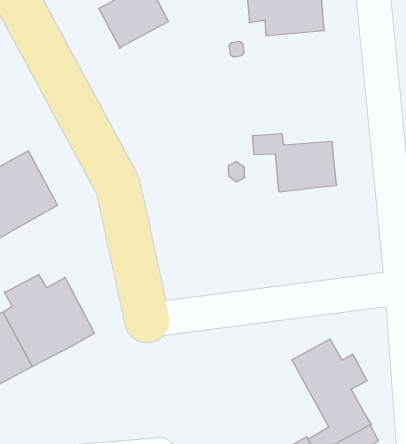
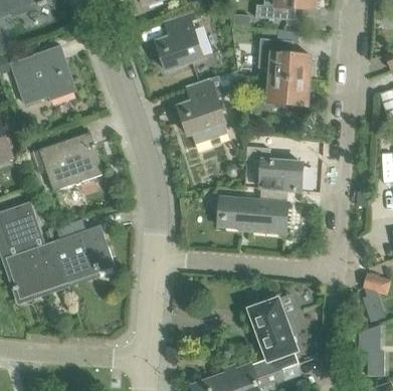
building: none -> [250,78,310,116]
building: none -> [177,77,227,146]
building: none -> [221,189,287,234]

